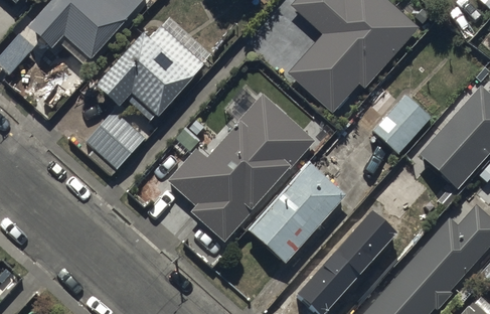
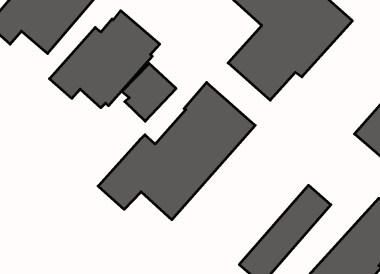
building: [371,95,430,155] -> none
building: [86,113,144,175] -> [122,63,176,121]
building: [248,166,346,267] -> none

